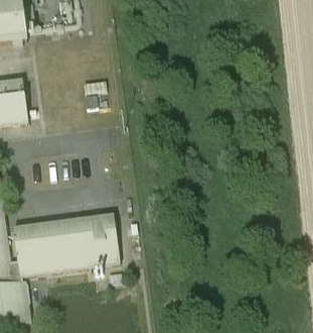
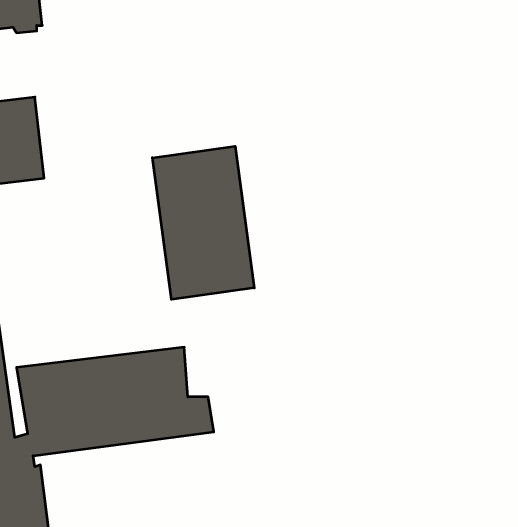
building: none -> [152,146,254,299]

